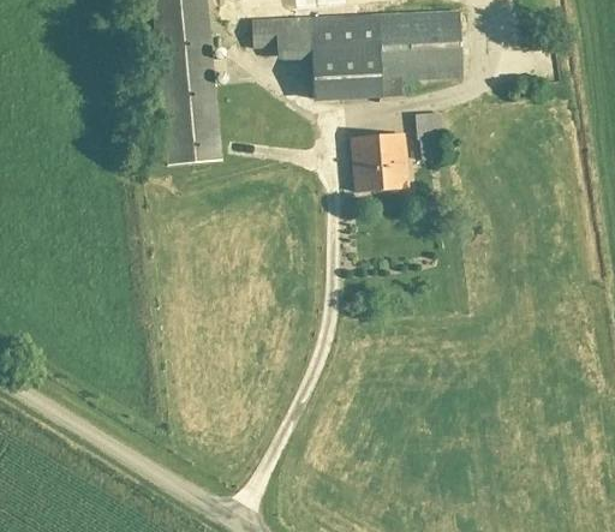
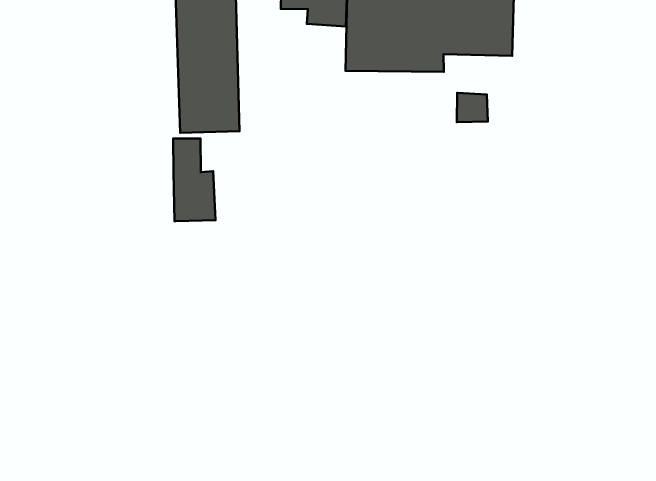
building: [351,131,407,189] -> none
building: none -> [173,138,215,221]

